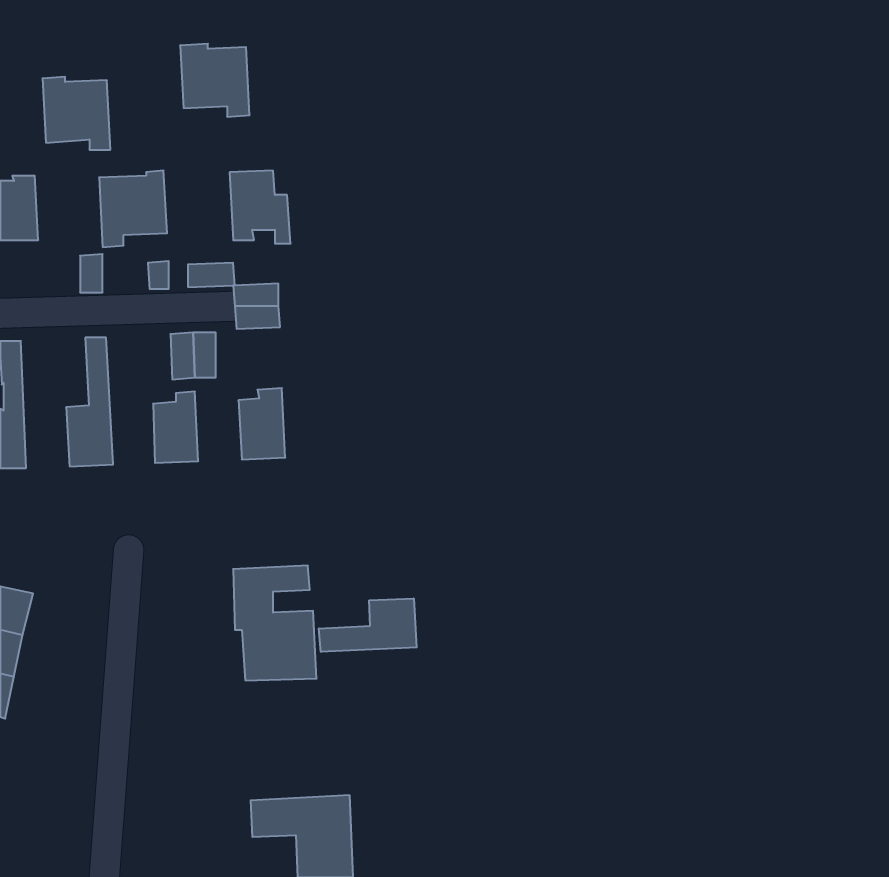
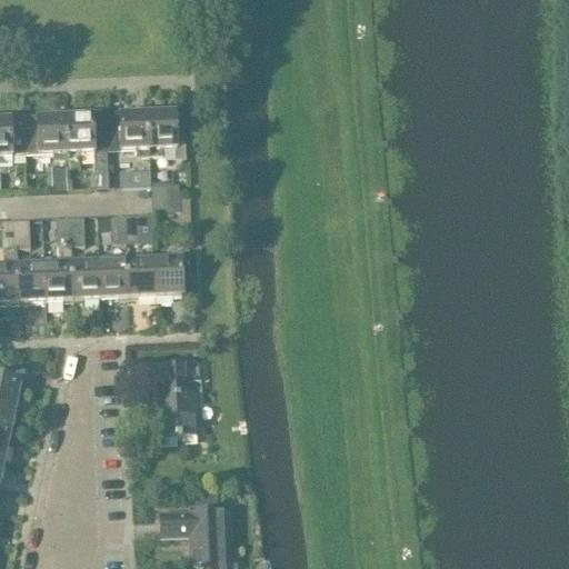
building: [180,44,250,117] -> [104,108,149,154]
building: [42,77,110,150] -> [22,111,66,158]
building: none -> [68,214,99,297]
building: none -> [13,217,44,299]
building: none -> [124,250,154,295]
building: [319,598,417,652] -> none

